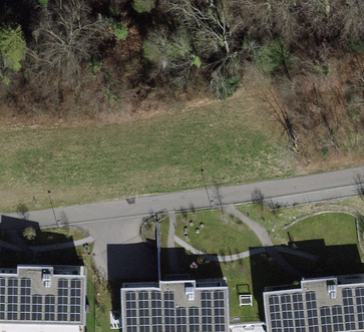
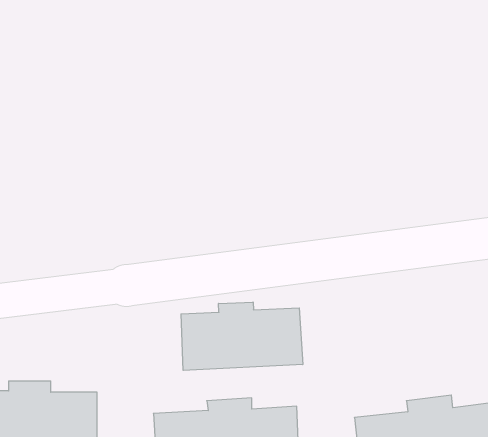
building: none -> [181,302,303,370]

